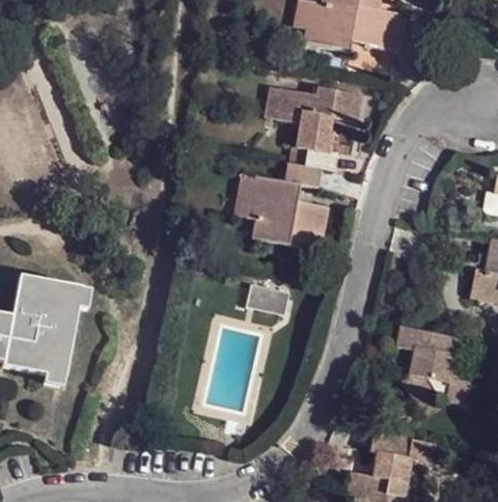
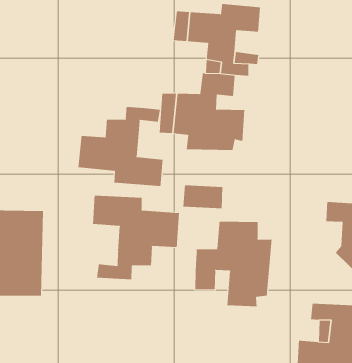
building: none -> [78,106,163,187]
building: none -> [92,195,179,280]
building: none -> [195,221,272,307]

